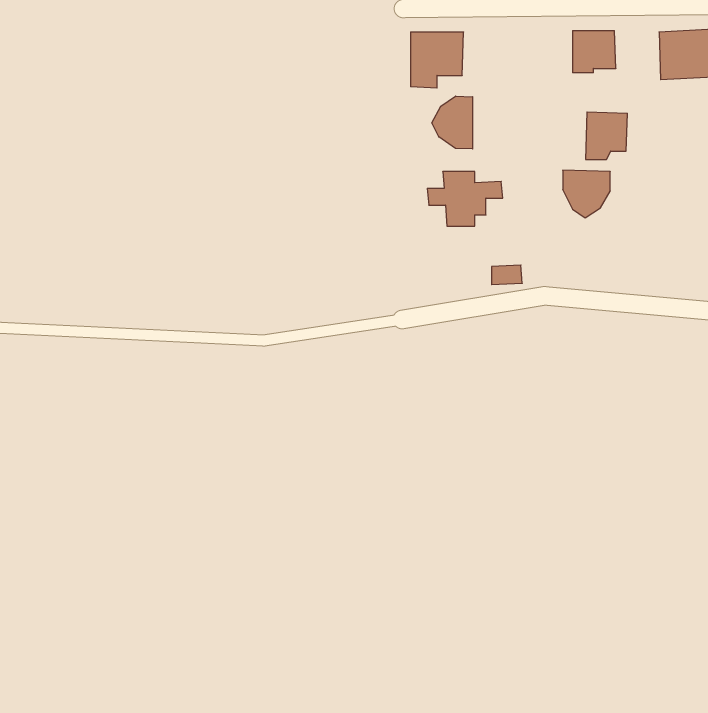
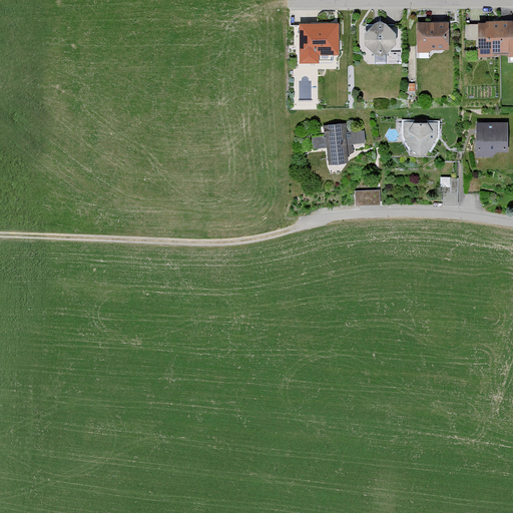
building: none -> [369,24,400,56]
building: [432,96,473,149] -> none
building: [586,112,627,159] -> [475,123,505,157]

